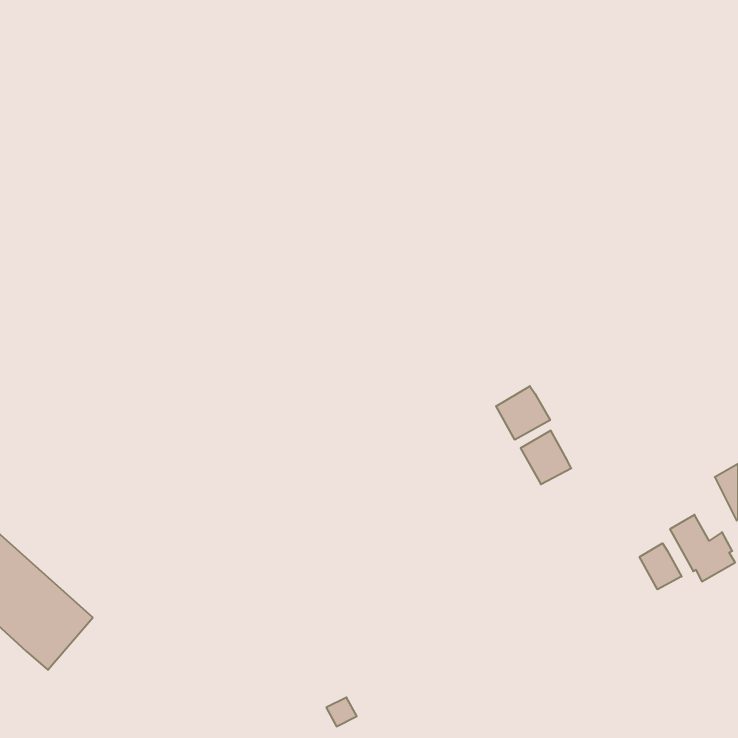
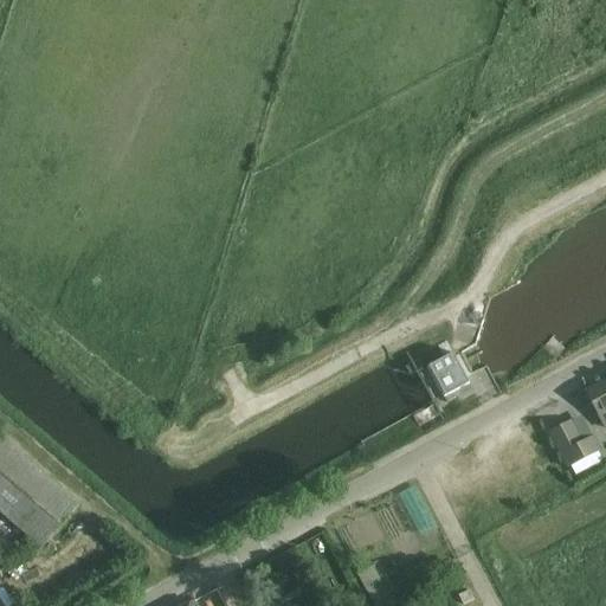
building: [496,386,550,440] -> none
building: [640,543,682,589] -> none

